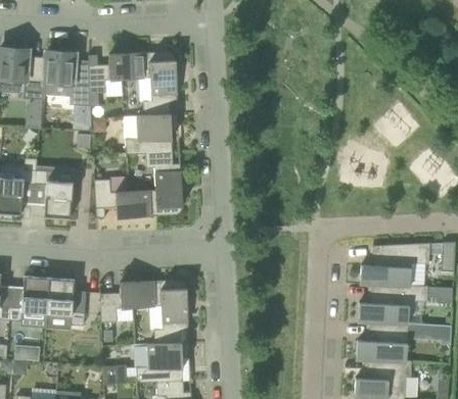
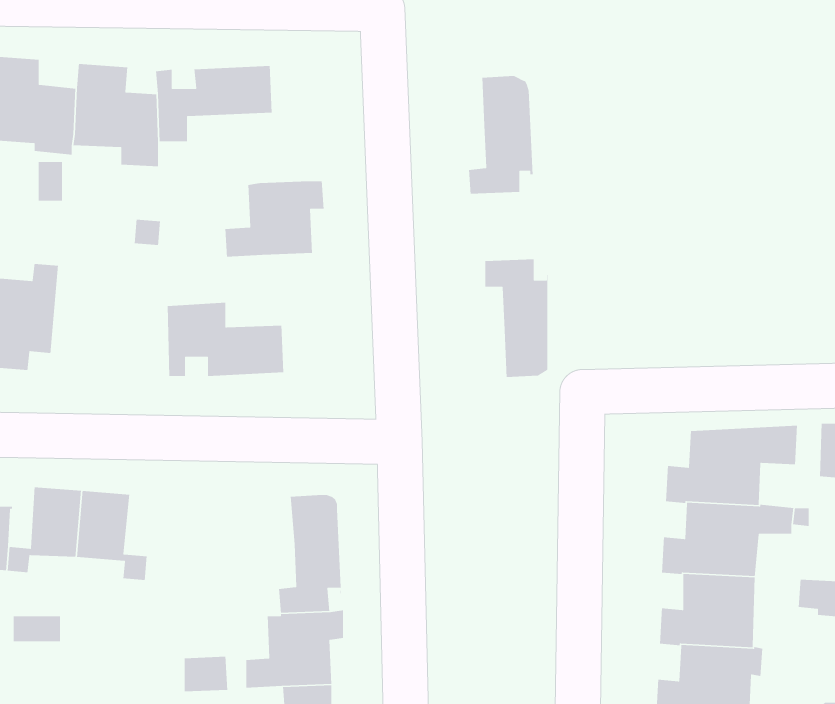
building: [143,51,178,114] -> [468,75,533,194]
building: [146,152,180,215] -> [485,259,548,378]
building: [35,170,74,218] -> none
building: [100,281,163,322] -> none

